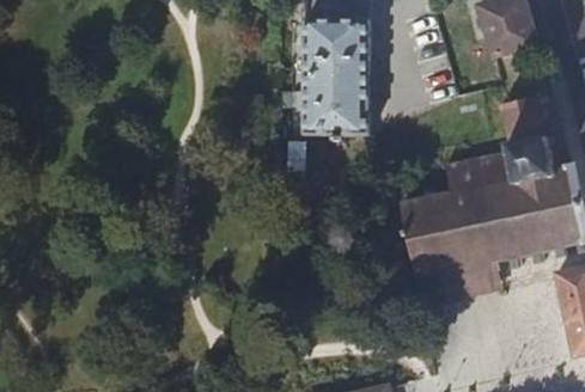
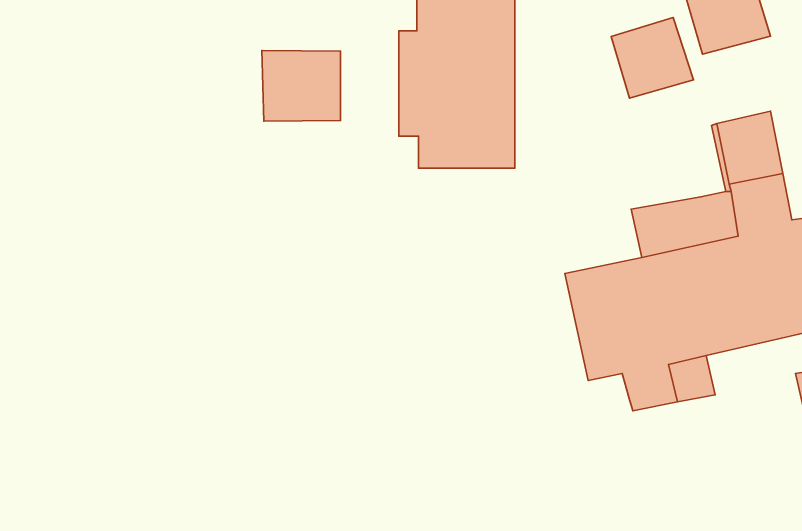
building: none -> [611,17,693,98]
building: none -> [262,50,341,121]

